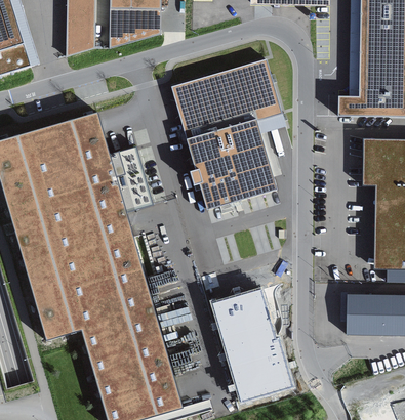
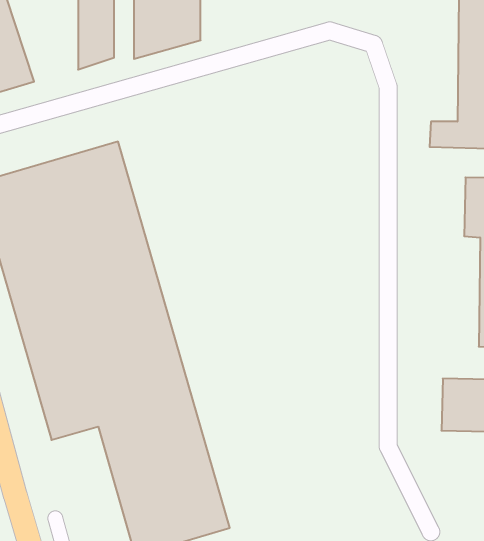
building: [170,59,281,209] -> none
building: [209,286,293,403] -> none

